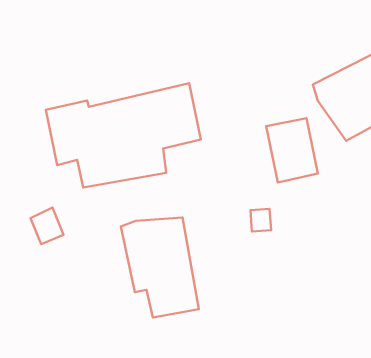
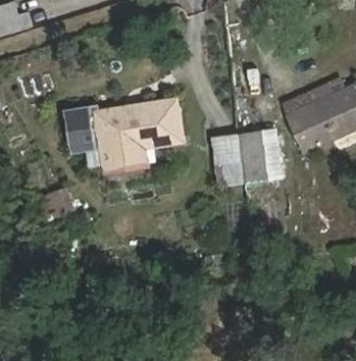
building: none -> [212,135,246,184]
building: [121,217,199,317] -> none

